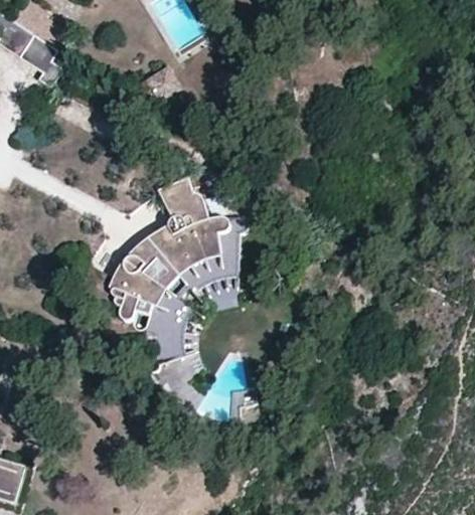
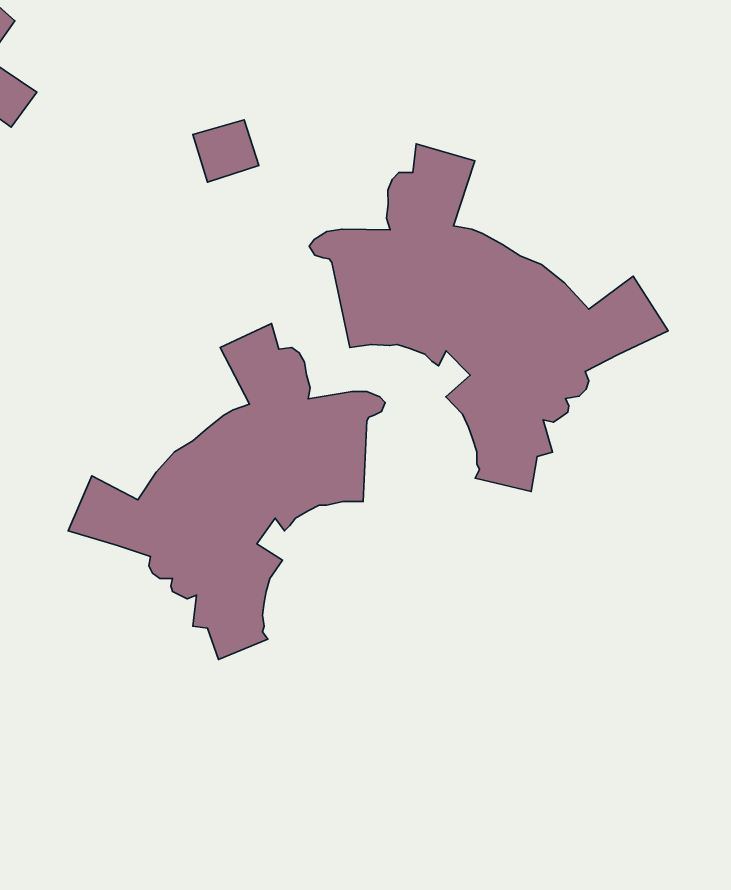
building: none -> [309,144,668,491]

